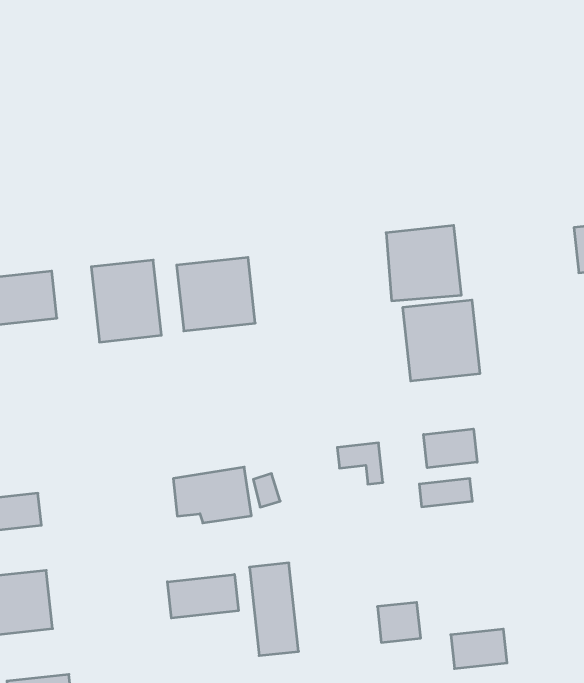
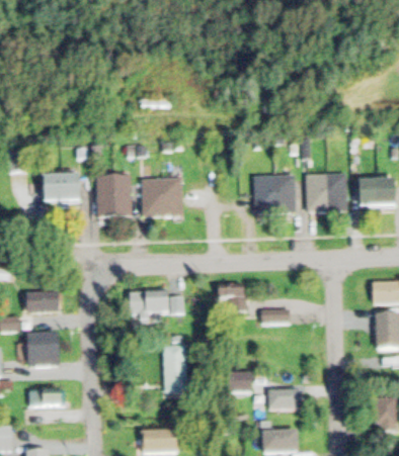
building: [403,300,480,381] -> [307,171,344,210]
building: [424,429,477,468] -> none
building: [167,574,238,618] -> none

